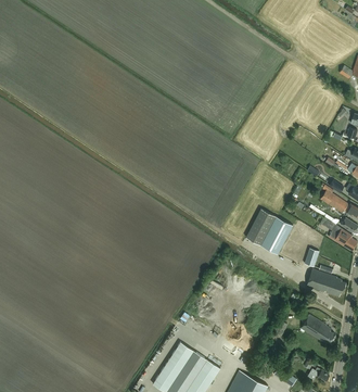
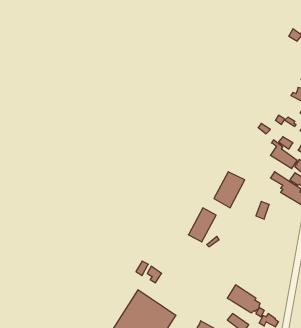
building: [245,208,274,244] -> [188,208,216,242]
building: [306,268,345,296] -> none
building: [299,314,334,343] -> [227,285,260,313]

